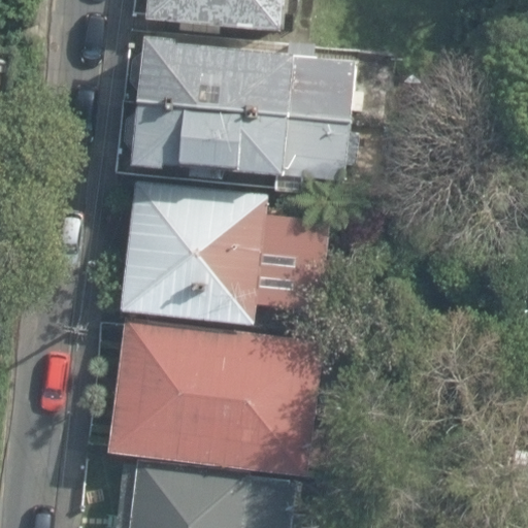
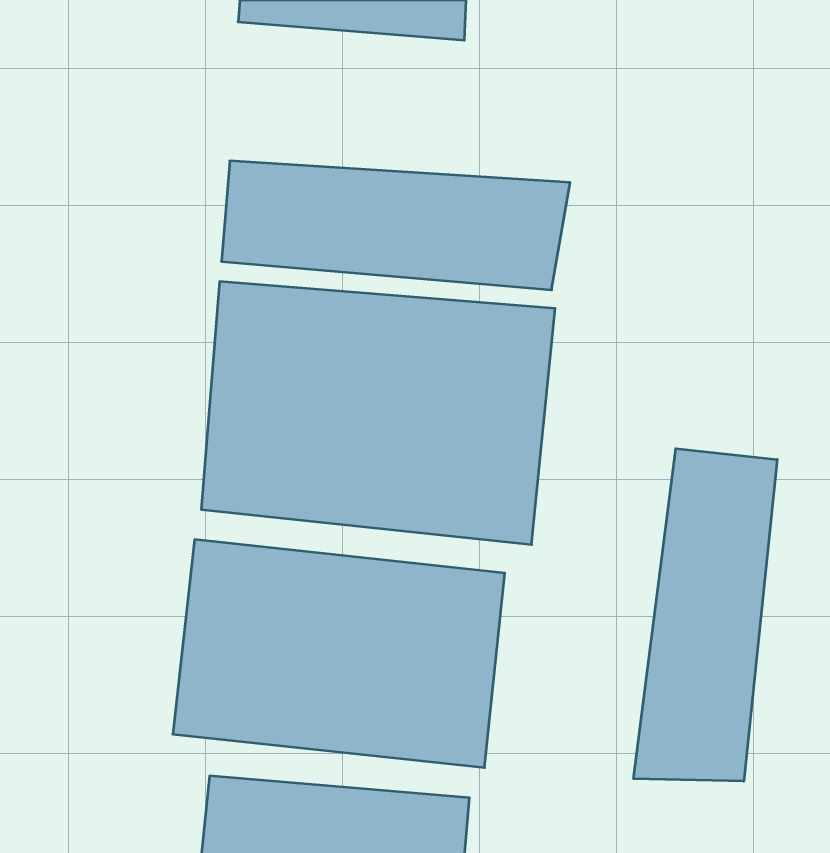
building: [141,34,357,114] -> none
building: none -> [634,449,777,781]

